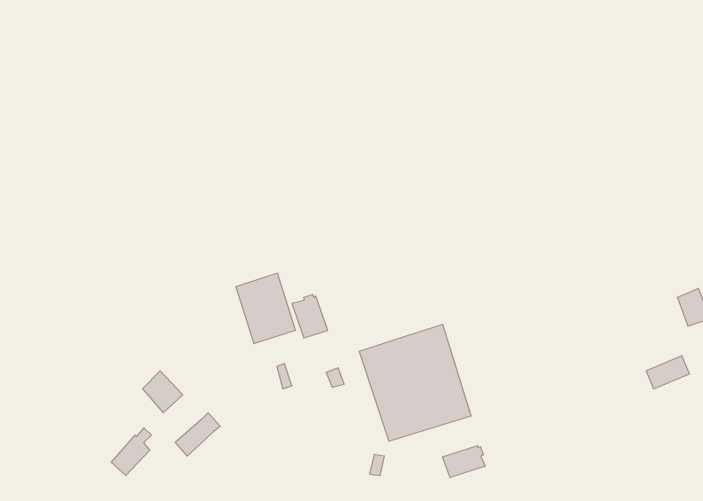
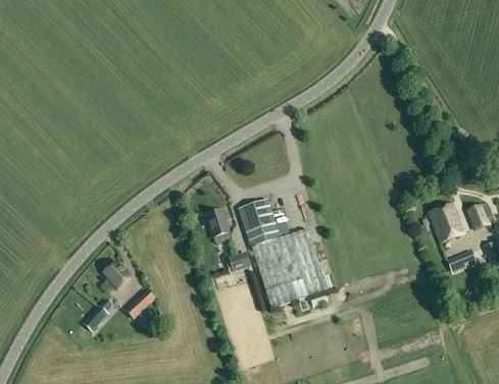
building: [236,273,296,344] -> [239,199,280,246]
building: none -> [429,203,464,242]
building: [443,446,485,478] -> none

